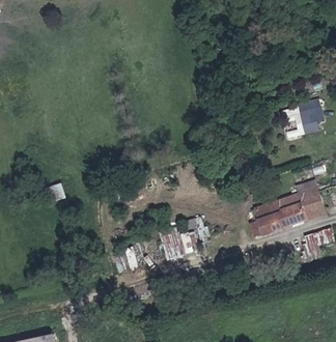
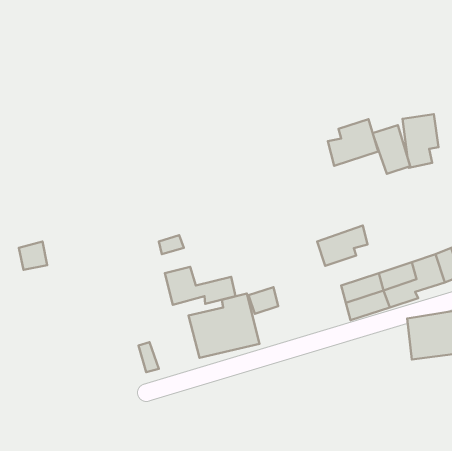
building: none -> [328,119,378,166]
building: none -> [317,226,368,266]
building: none -> [165,267,236,305]

